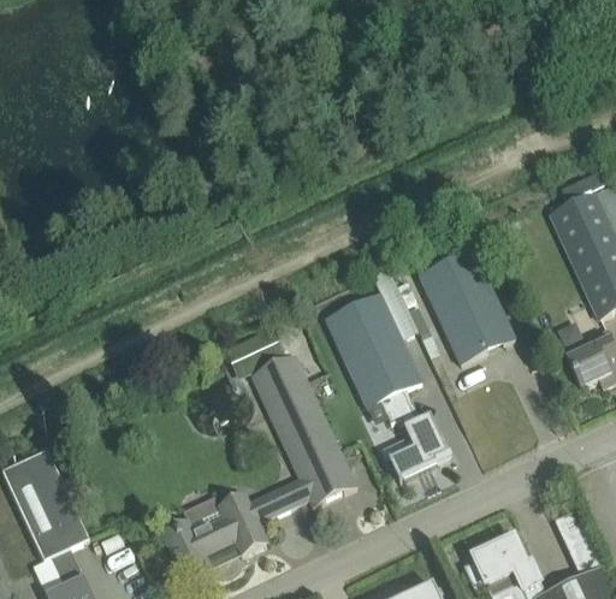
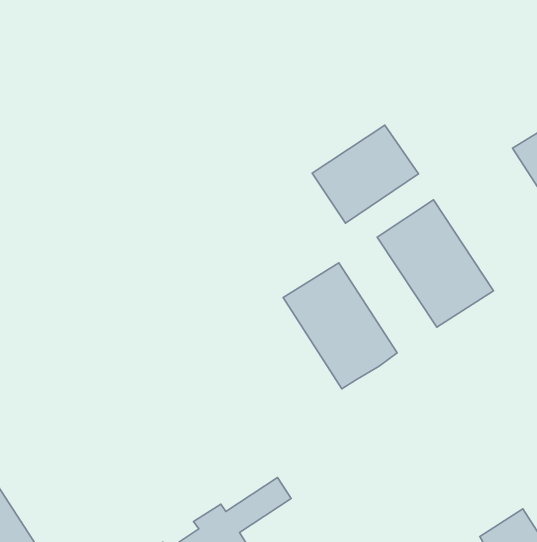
building: none -> [312,125,419,223]
building: [251,354,356,505] -> none
building: [380,390,448,480] -> none

